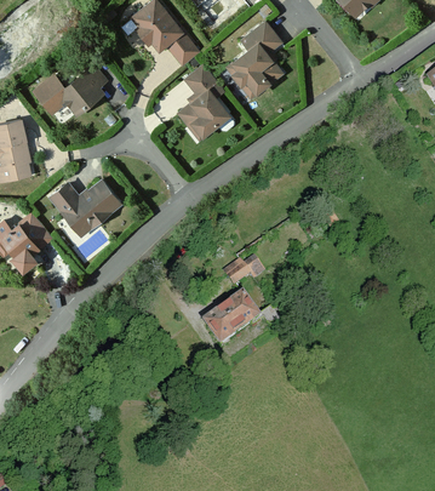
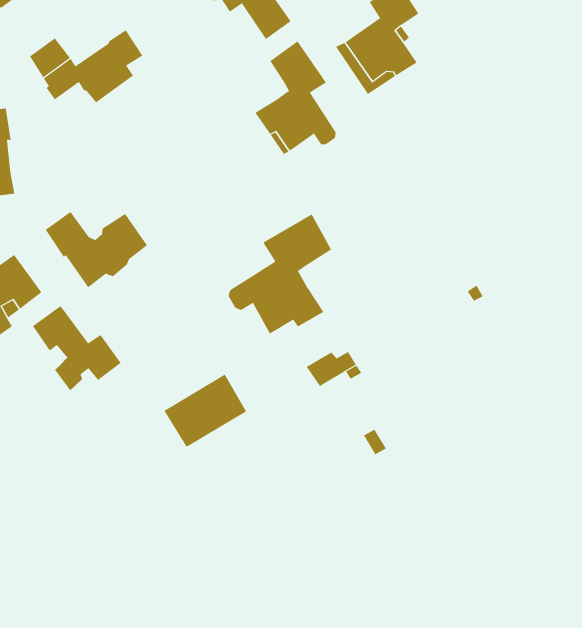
building: none -> [228,214,332,334]
building: none -> [32,305,122,391]
building: [205,297,258,346] -> [163,374,247,447]

